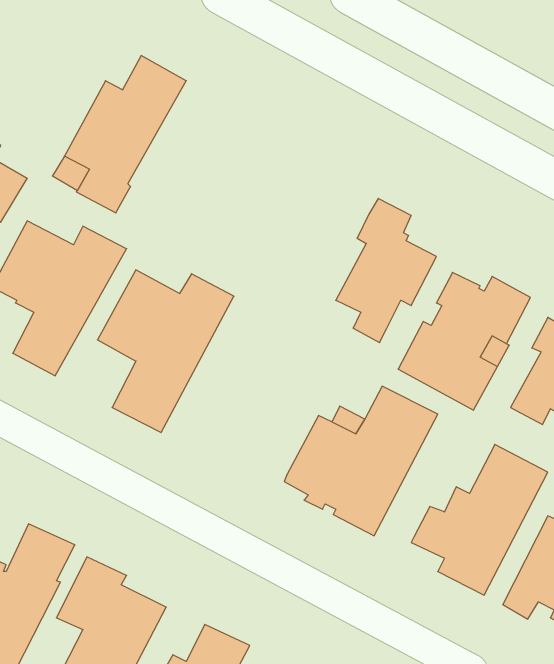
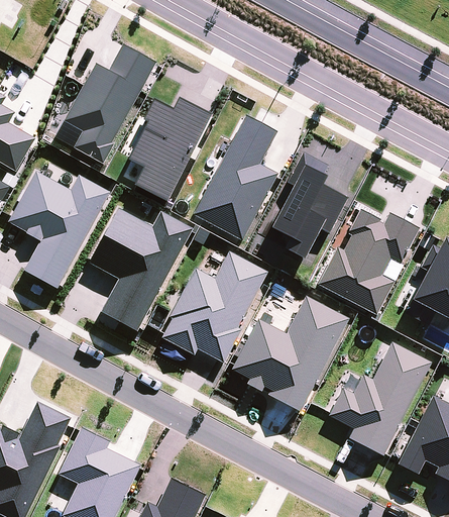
building: none -> [128,98,212,203]
building: none -> [194,116,277,240]
building: none -> [161,251,267,361]

